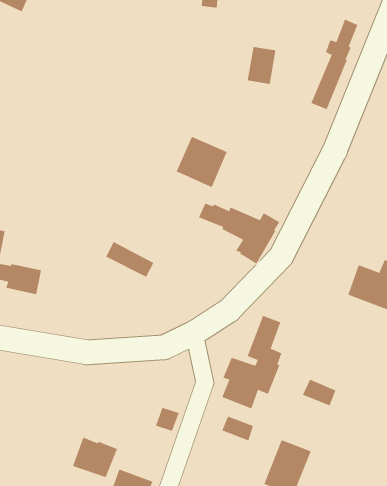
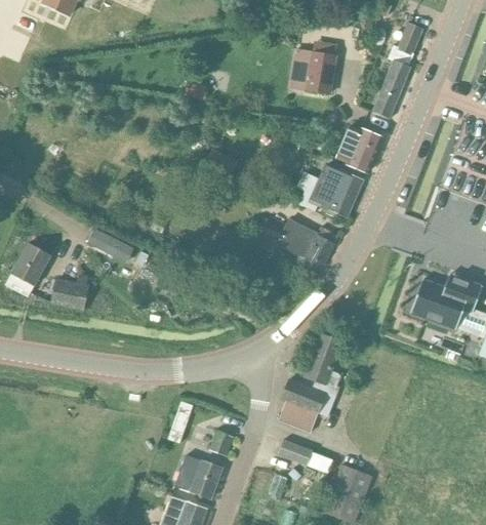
building: none -> [337,126,381,171]
building: [176,136,228,188] -> [308,162,362,216]
building: [105,241,154,277] -> [85,228,136,266]
building: [302,379,336,406] -> none
building: [72,437,118,478] -> [174,454,222,497]

